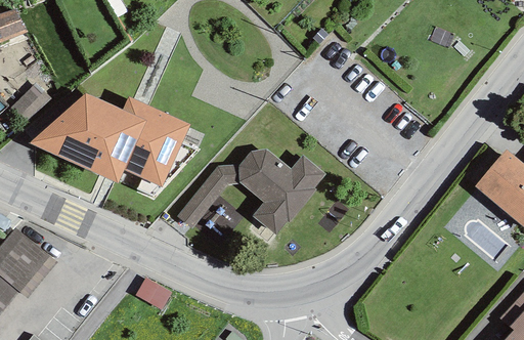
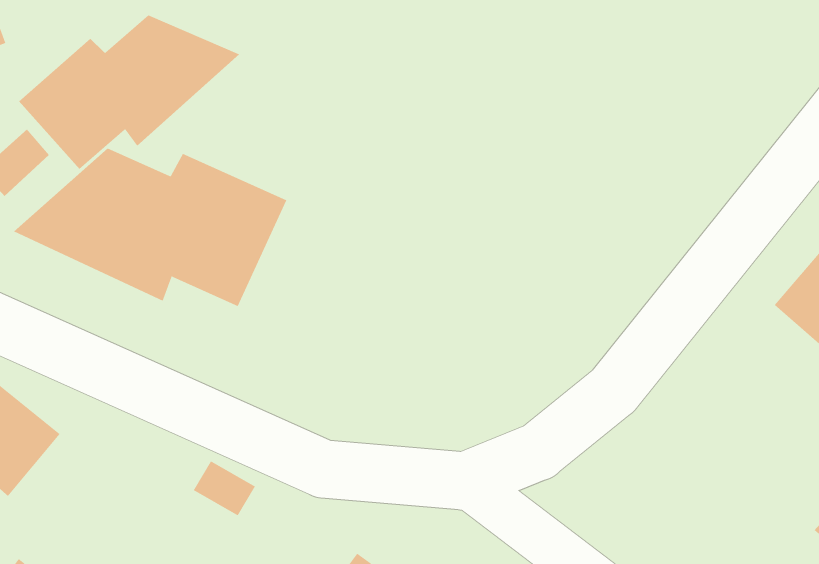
building: none -> [18,14,240,170]
building: [177,148,324,236] -> none

